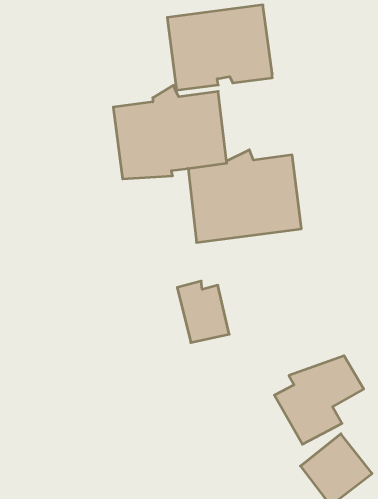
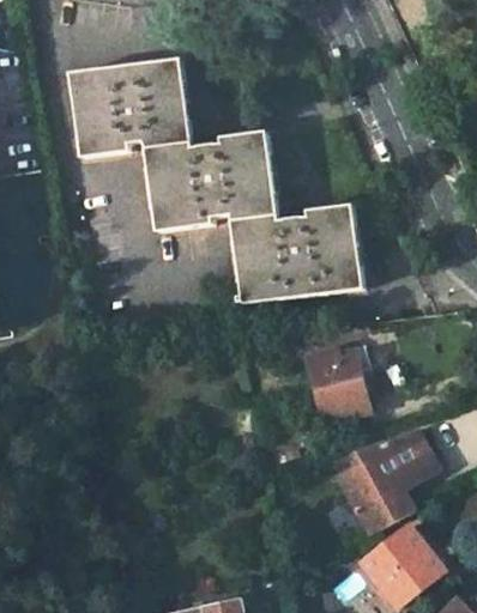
building: [167,5,272,90] -> [70,57,191,156]
building: [177,281,229,343] -> [308,348,368,419]

